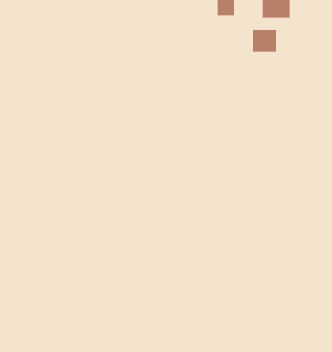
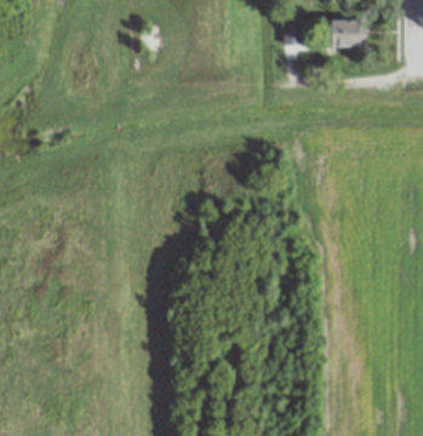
building: [253,29,277,53] -> none

